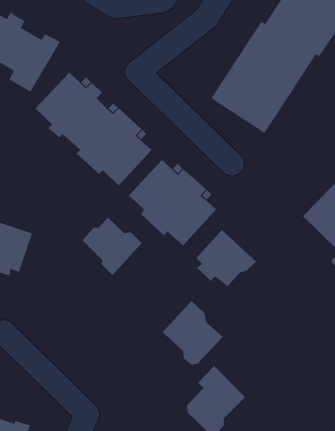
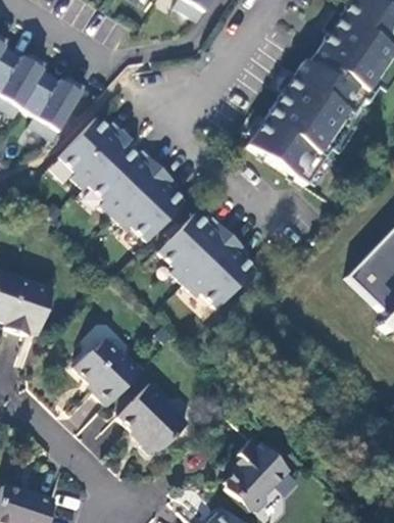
building: [82,217,142,276] -> [71,342,138,407]
building: [195,229,257,287] -> none
building: [162,300,223,365] -> [116,382,184,453]

